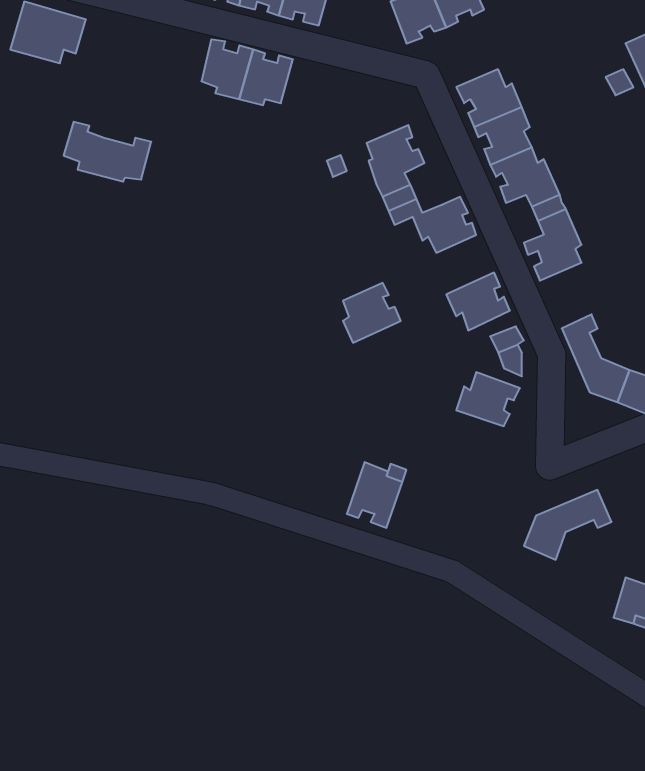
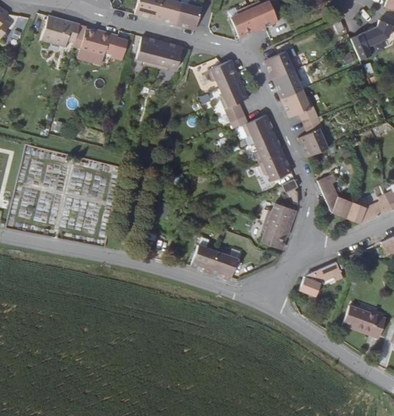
building: none -> [209,59,241,87]
building: [64,122,151,182] -> [74,25,118,55]
building: [343,283,401,343] -> [255,133,284,163]
building: none -> [261,221,289,249]
building: none -> [190,243,219,273]

